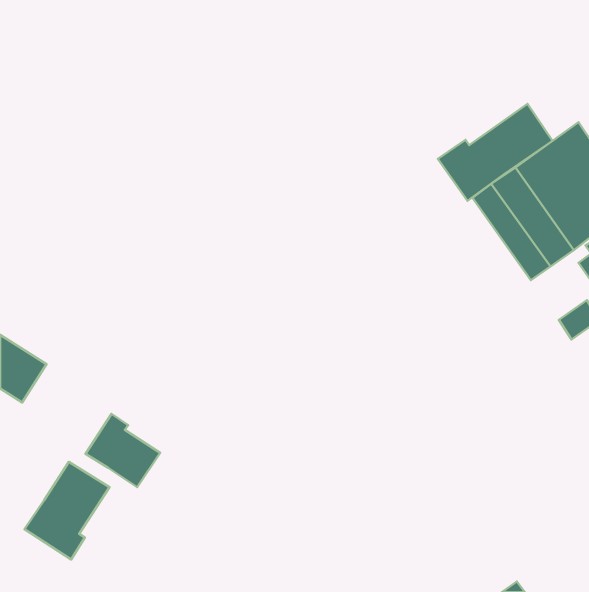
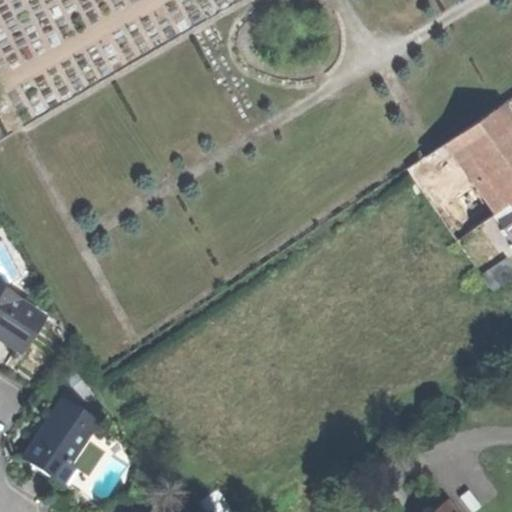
building: [438,104,552,201] -> none
building: [86,414,160,487] -> none

